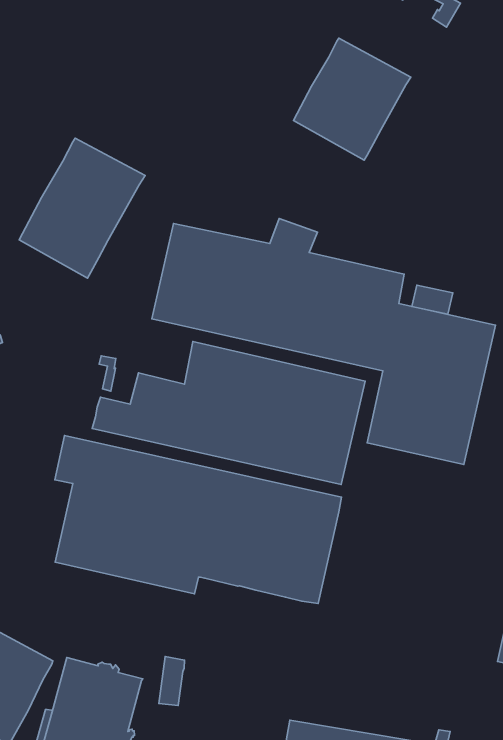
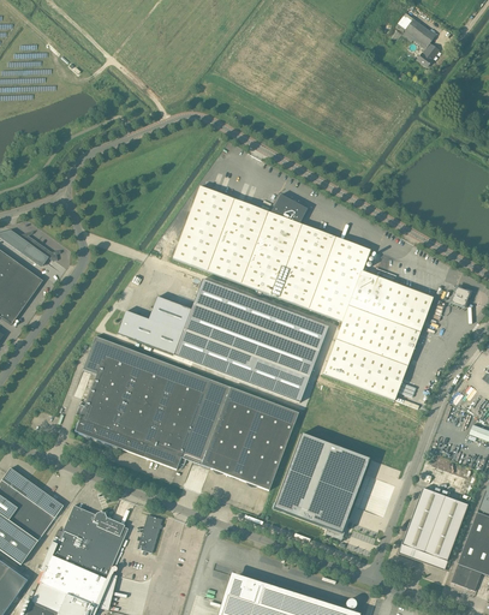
building: [294,38,411,160] -> none
building: [19,138,145,278] -> none
building: none -> [273,434,369,538]

